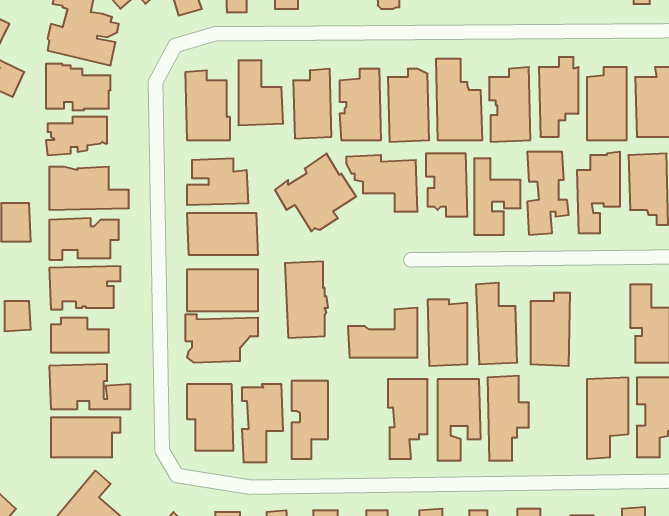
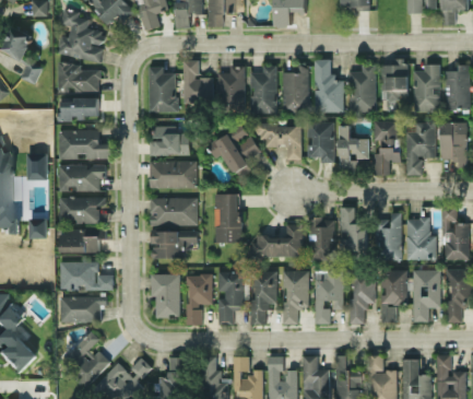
building: none -> [406,216,436,259]
building: none -> [380,270,406,321]
building: none -> [250,271,275,324]

